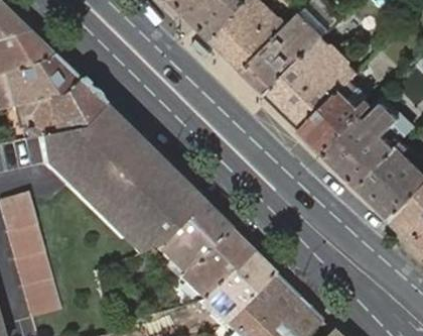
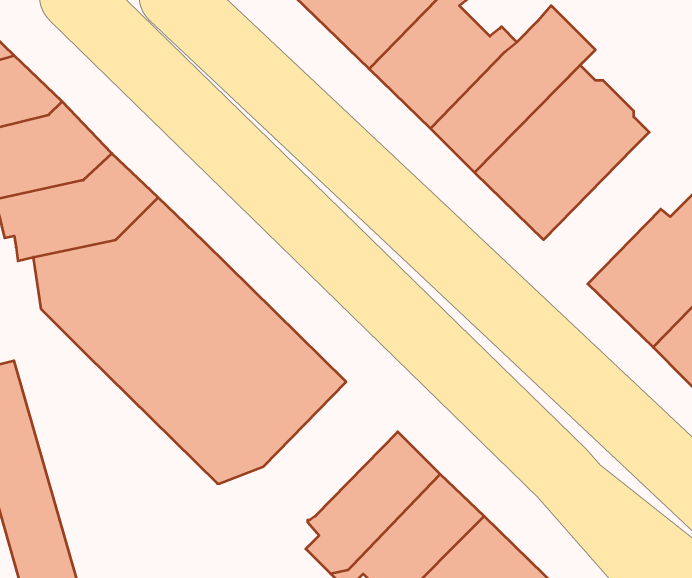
building: [306,78,377,149] -> none
building: [159,201,230,271] -> none

